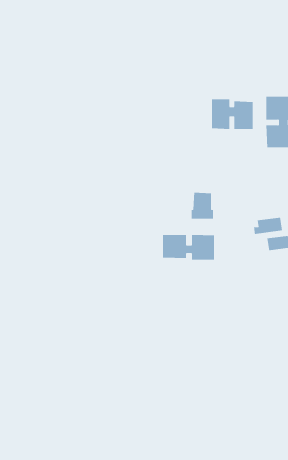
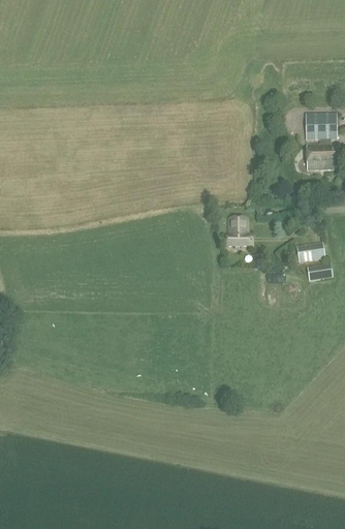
building: [212,99,253,130] -> none
building: [162,234,215,261] -> none

